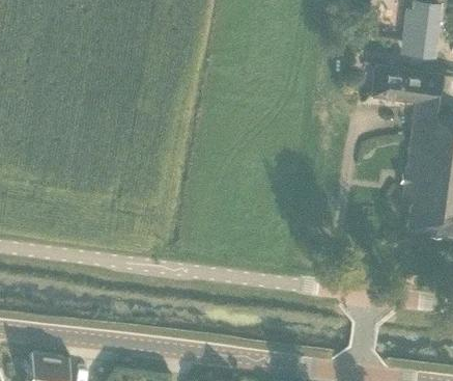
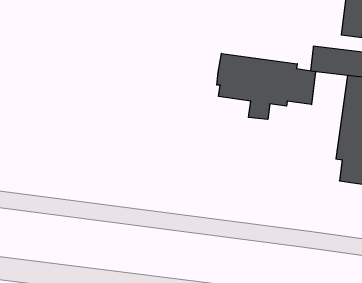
building: none -> [217,53,315,119]

